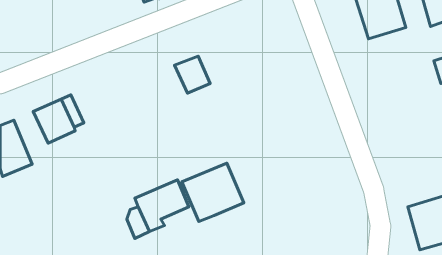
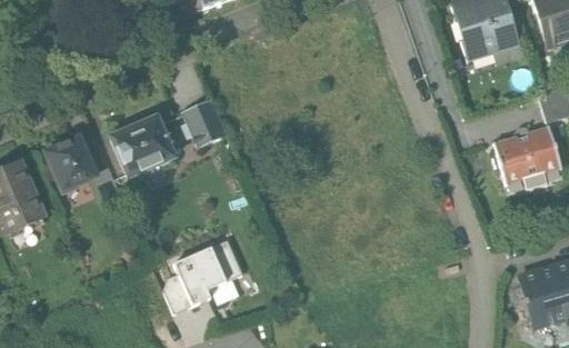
building: [174,56,210,93] -> [183,98,229,145]
building: none -> [113,119,178,181]
building: none -> [498,129,560,182]
building: [182,163,244,222] -> none

